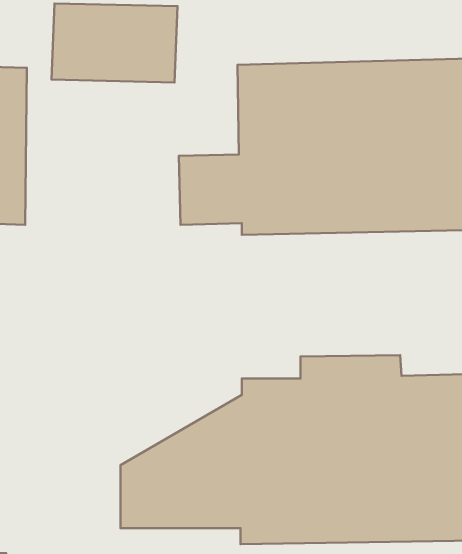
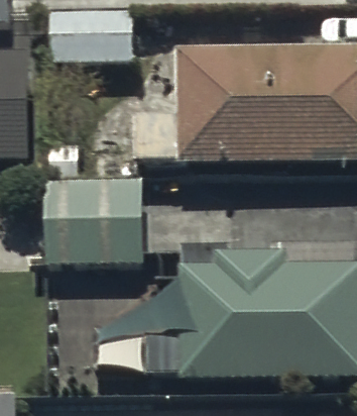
building: none -> [42,176,139,263]

